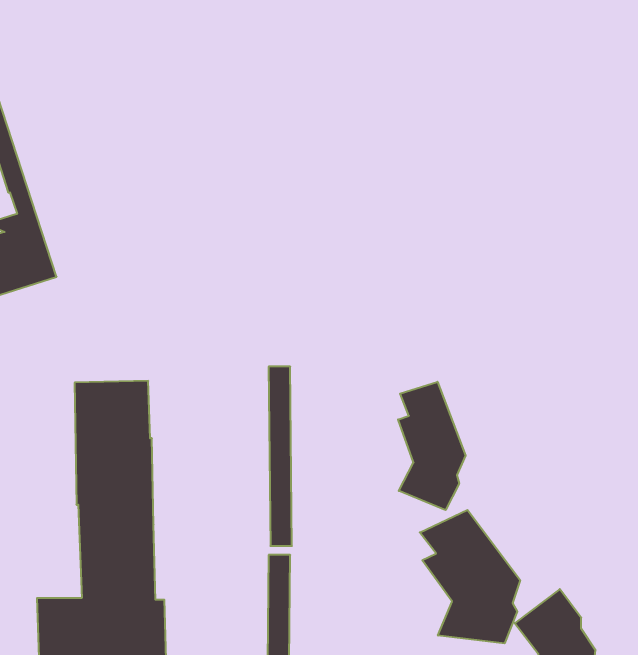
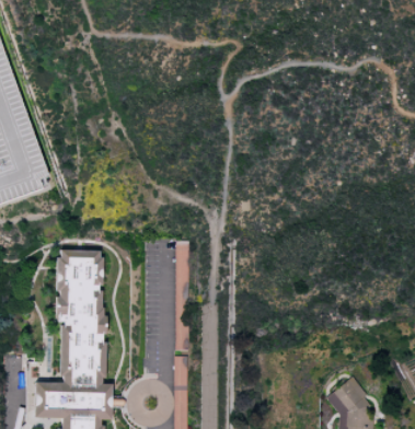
building: [398,382,466,510] -> none
building: [420,510,520,643] -> none

